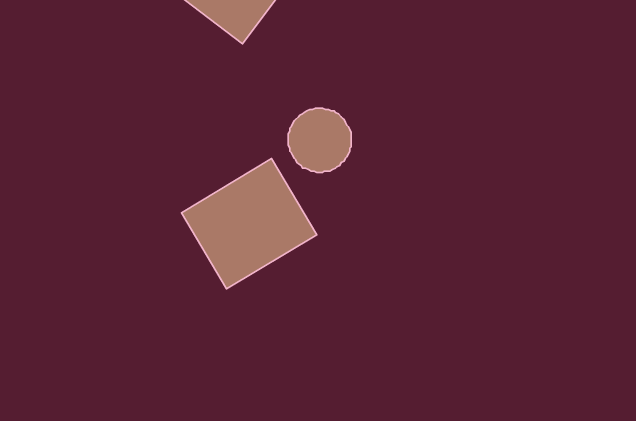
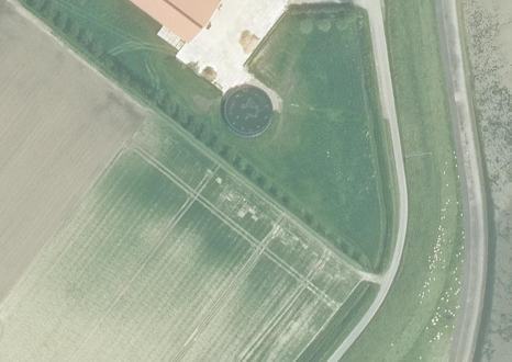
building: [181,159,317,289] -> none

